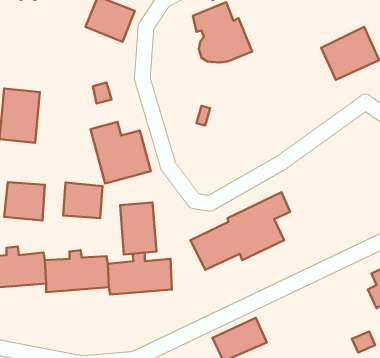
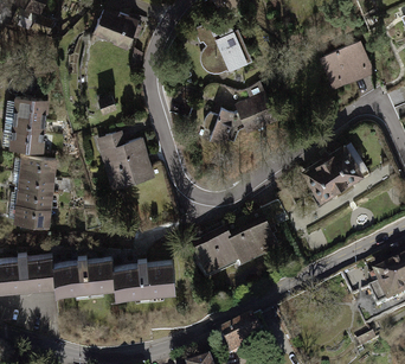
building: none -> [210,94,276,146]
building: none -> [302,142,365,198]
building: [63,182,103,218] -> [17,157,54,191]
building: [120,202,157,254] -> none

